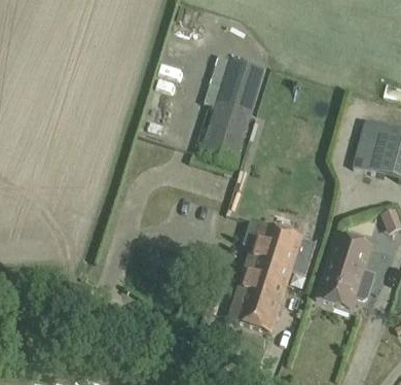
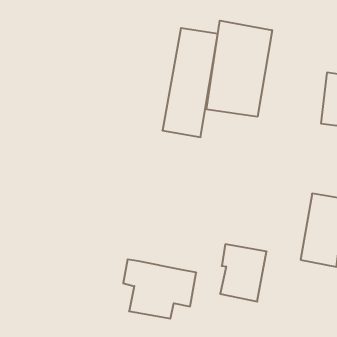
building: none -> [207,21,272,117]
building: [244,220,316,283] -> [123,259,196,319]

